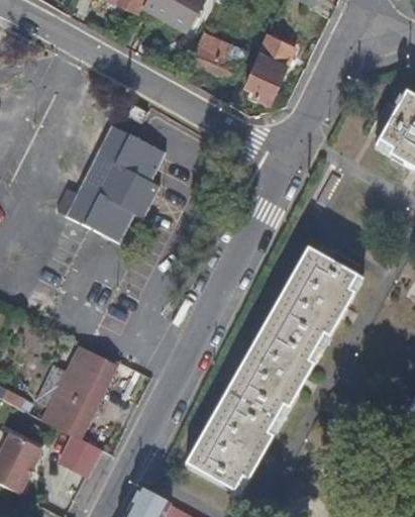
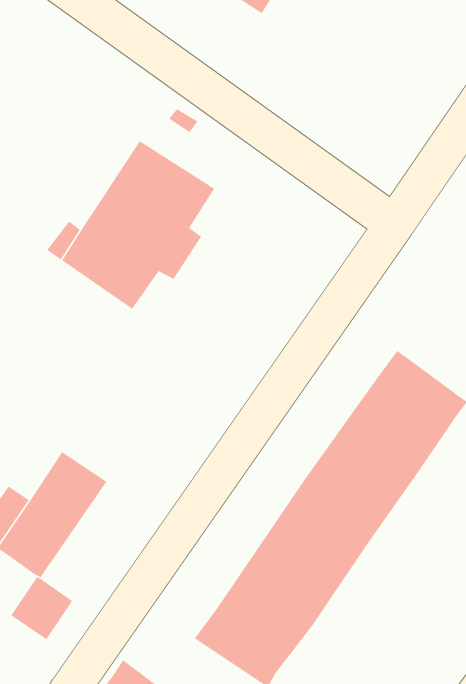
building: [190,30,244,79] -> none
building: [244,35,295,103] -> none

